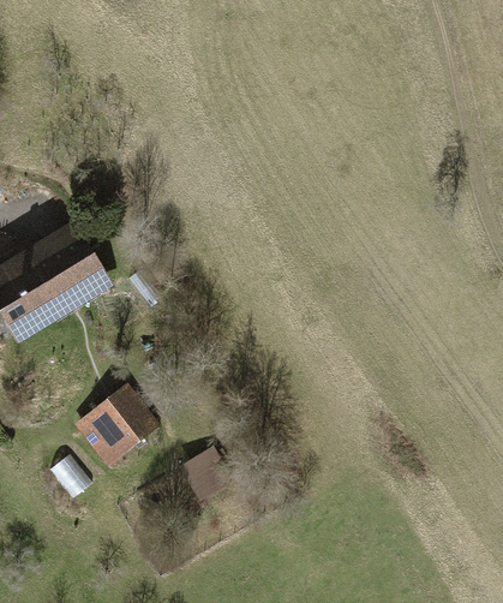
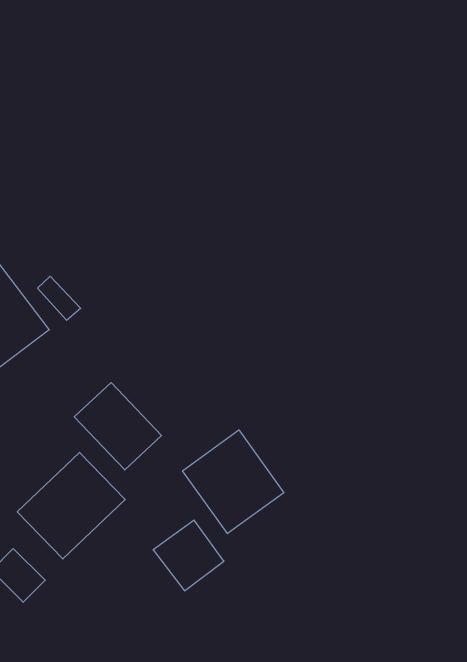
building: none -> [74,383,162,470]
building: none -> [183,430,284,534]

